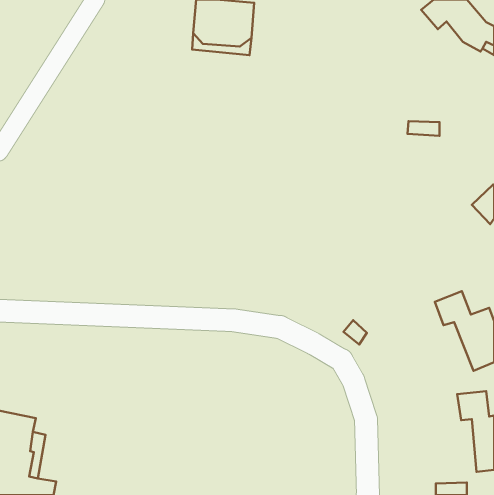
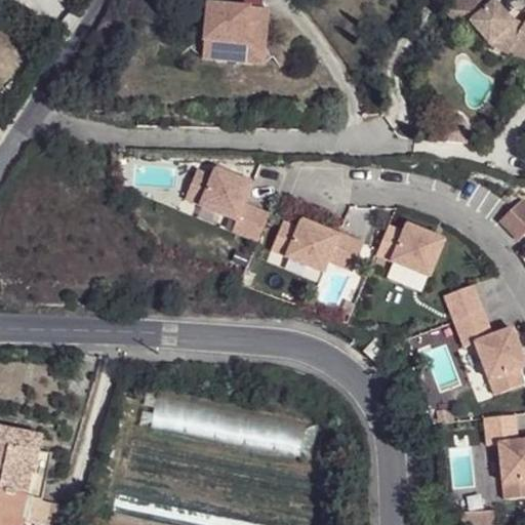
building: none -> [185,168,269,242]
building: none -> [270,220,363,272]
building: none -> [375,225,442,276]
building: none -> [449,282,488,319]

